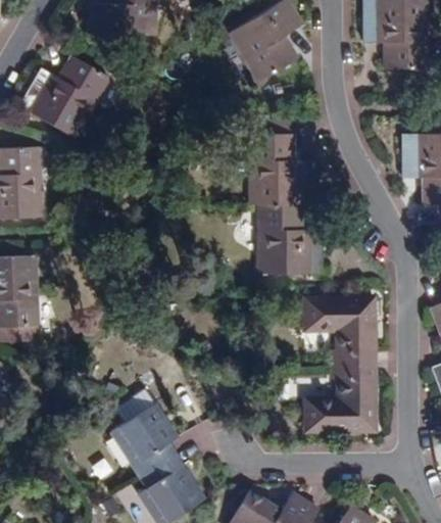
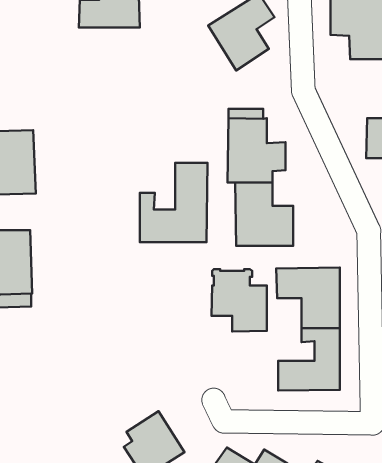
building: [18,55,108,138] -> none
building: none -> [140,163,208,242]
building: none -> [211,269,267,331]
building: [111,402,177,477] -> none

